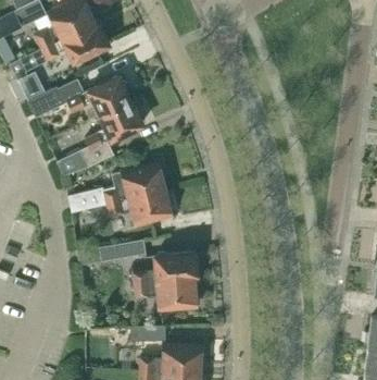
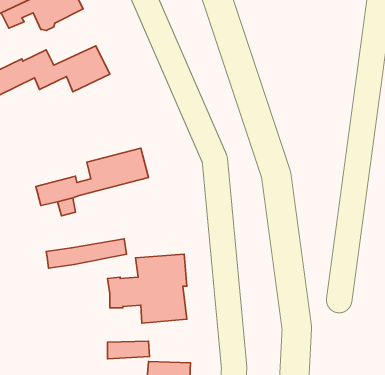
building: [58,99,143,175] -> none
building: [106,187,172,223] -> none

